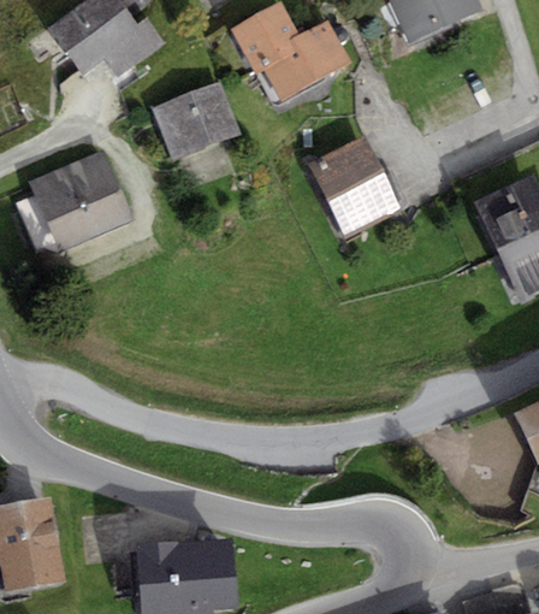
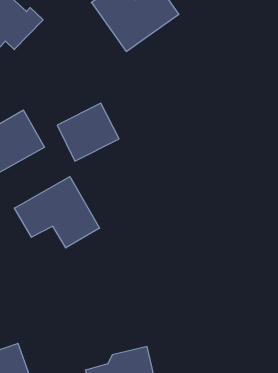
building: [154,83,239,160] -> [57,103,119,161]
building: [314,142,399,237] -> none
building: none -> [14,177,100,248]

